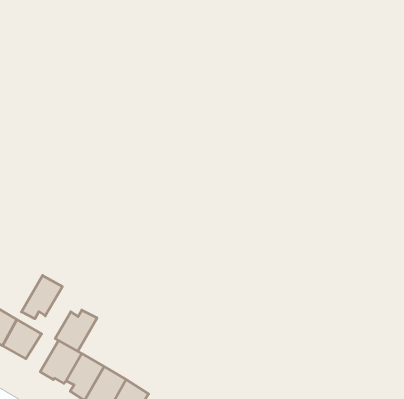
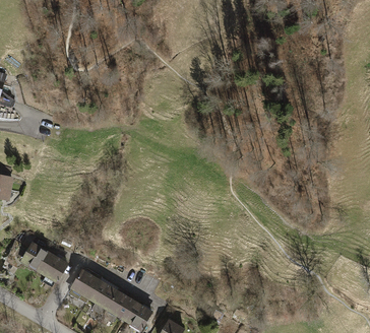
building: [21,275,62,319] -> none
building: [55,310,97,351] -> none

